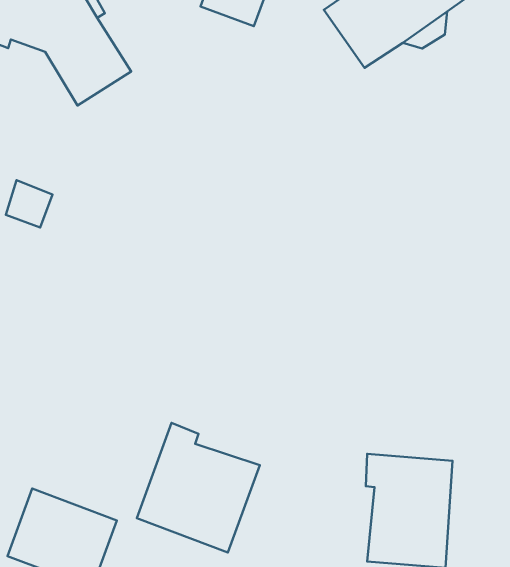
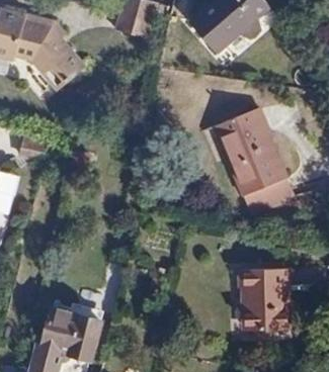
building: none -> [215,108,295,215]
building: [137,423,260,552] -> none

